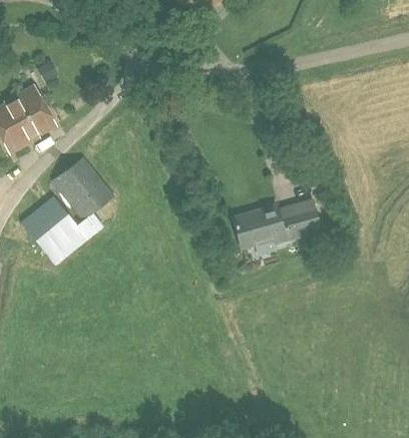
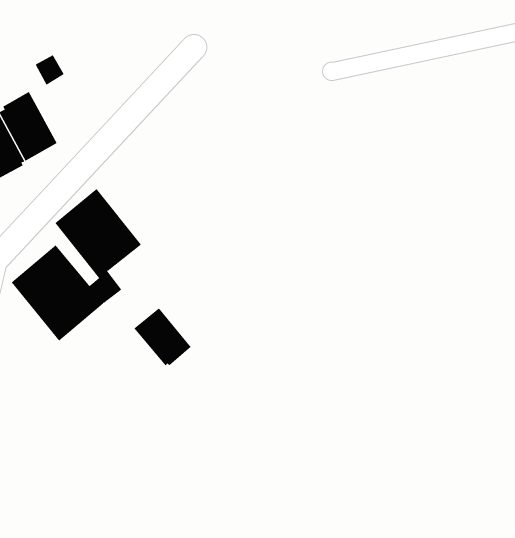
building: [233,200,320,246] -> none
building: none -> [134,307,192,366]

